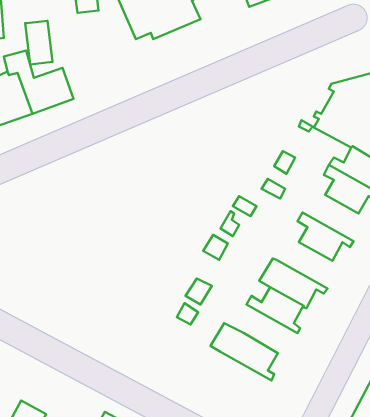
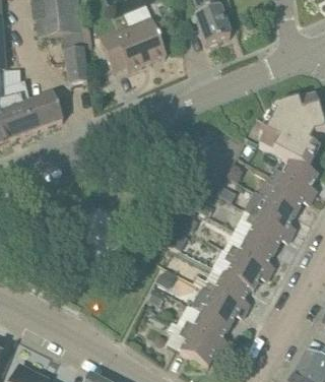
building: [25,21,53,64] -> [65,46,87,81]
building: none -> [246,189,296,234]
building: none -> [229,235,274,272]
building: none -> [200,285,246,325]
building: none -> [179,324,224,364]

